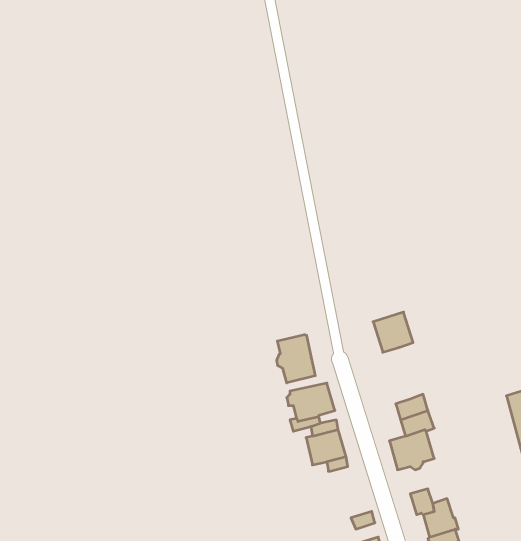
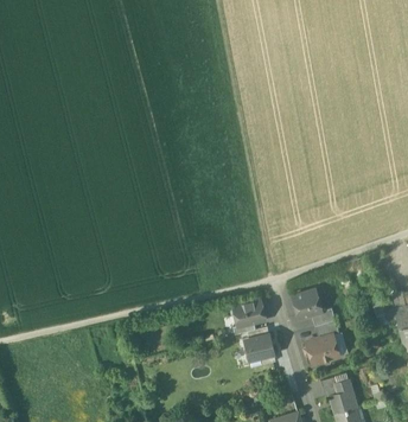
building: [373,312,413,352] -> [292,288,321,318]
building: [277,335,315,383] -> none

